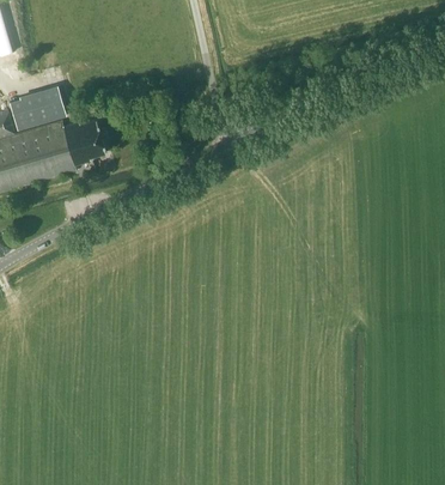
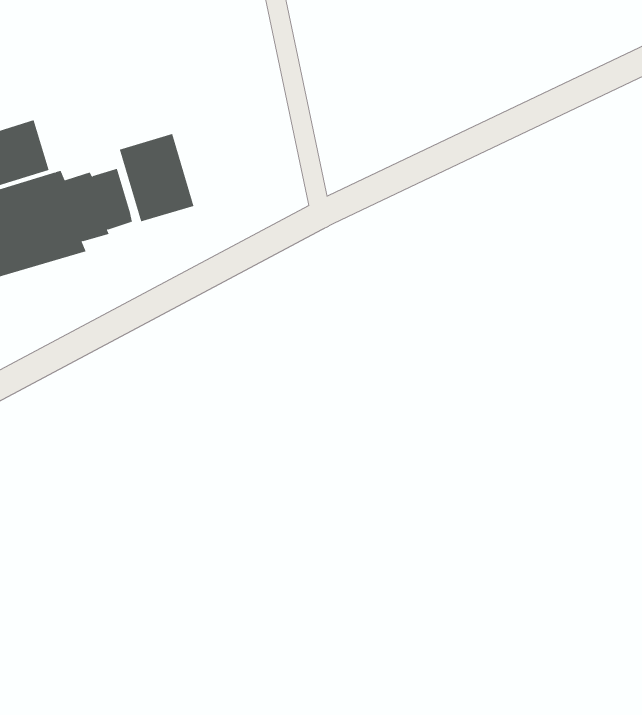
building: none -> [119,133,194,222]

